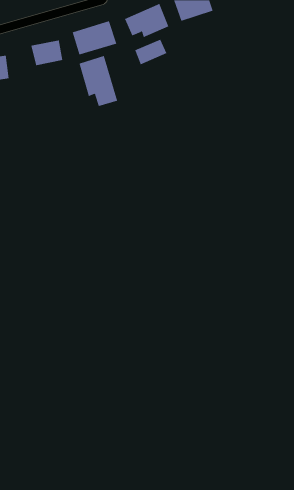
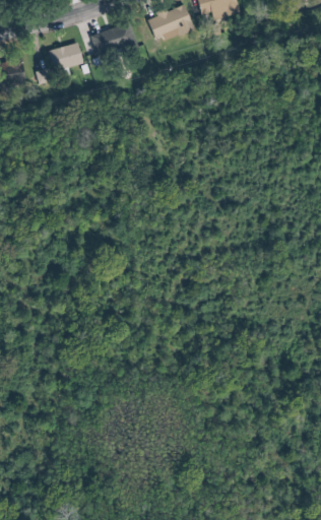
building: [135,39,167,65] -> none
building: [79,55,118,107] -> none

